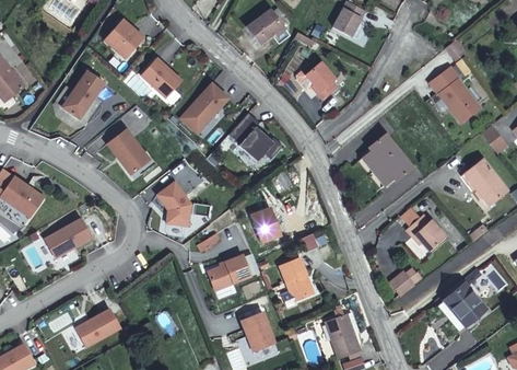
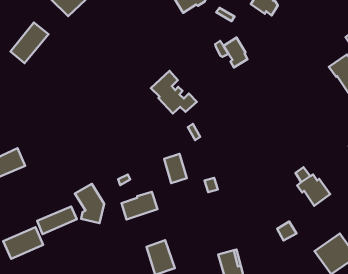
building: [140,57,180,97] -> none
building: [180,82,227,130] -> none
building: [106,128,155,180] -> none
building: [357,129,412,185] -> none
building: [155,181,190,226] -> [75,184,104,223]
building: [279,255,312,304] -> none
building: none -> [37,207,77,234]

